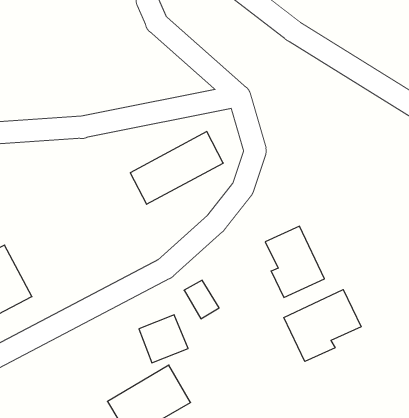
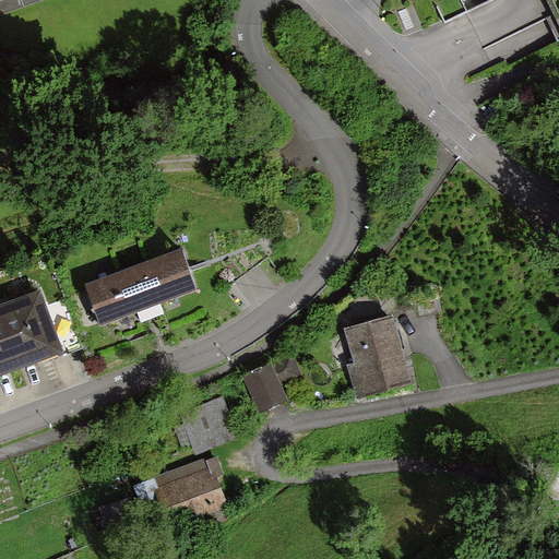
building: [130,132,223,204] -> [83,251,193,326]
building: [284,290,361,361] -> none

